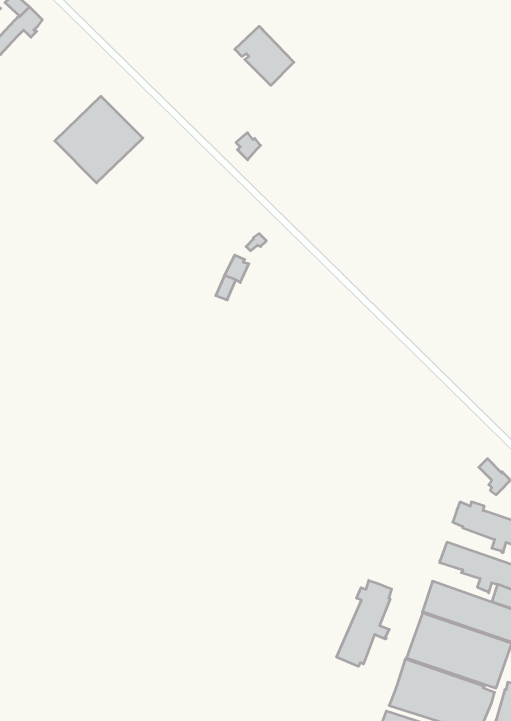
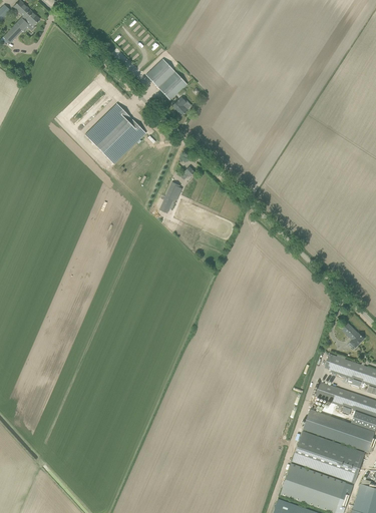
building: [235,26,294,85] -> [145,58,186,99]
building: [55,96,143,183] -> [84,103,145,163]
building: [337,580,392,666] -> none

